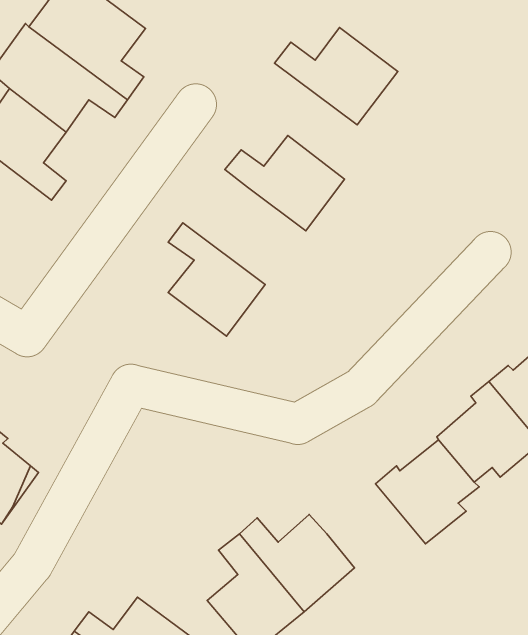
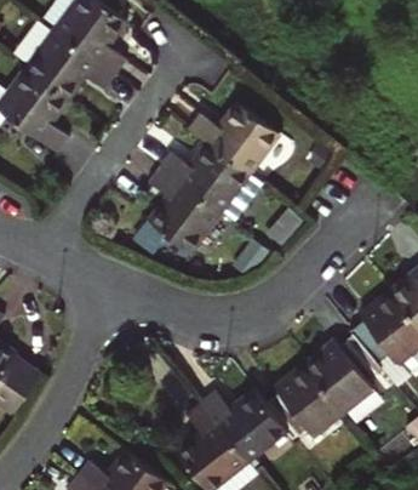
building: [275,28,398,125] -> [154,149,246,222]
building: none -> [262,371,336,444]

